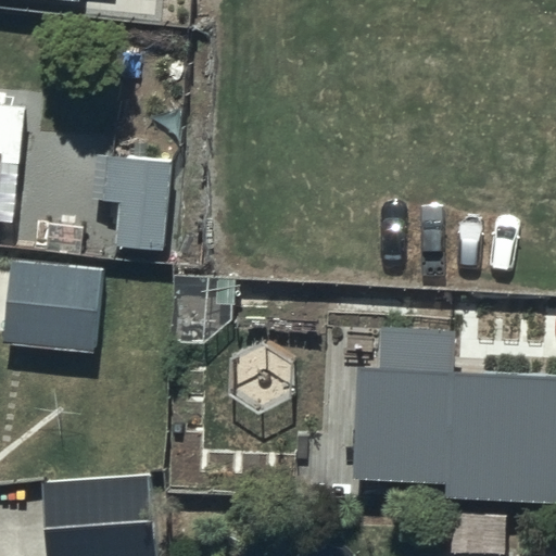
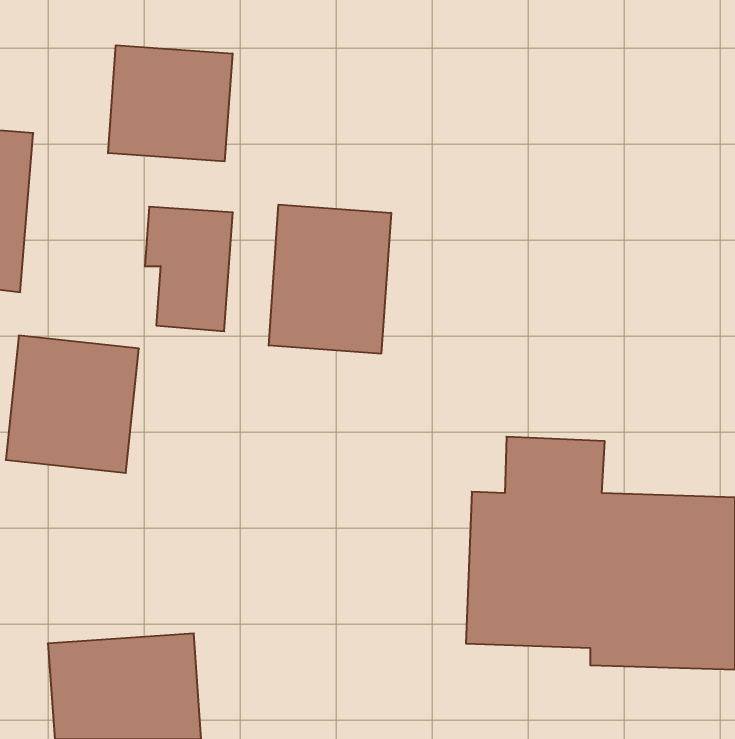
building: none -> [108,45,232,161]
building: none -> [269,205,391,354]

